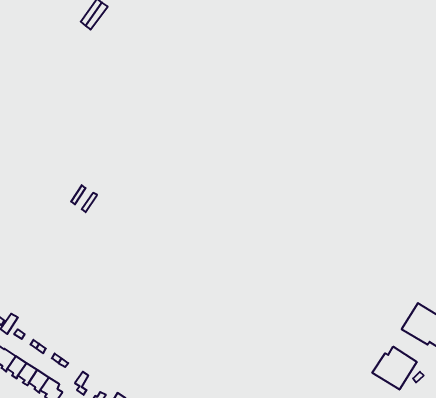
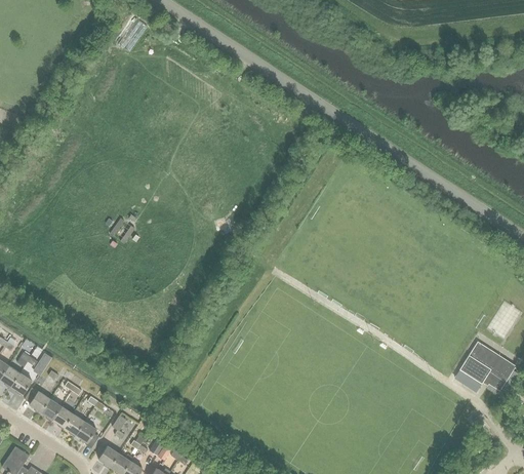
building: [372,347,417,390] -> none

